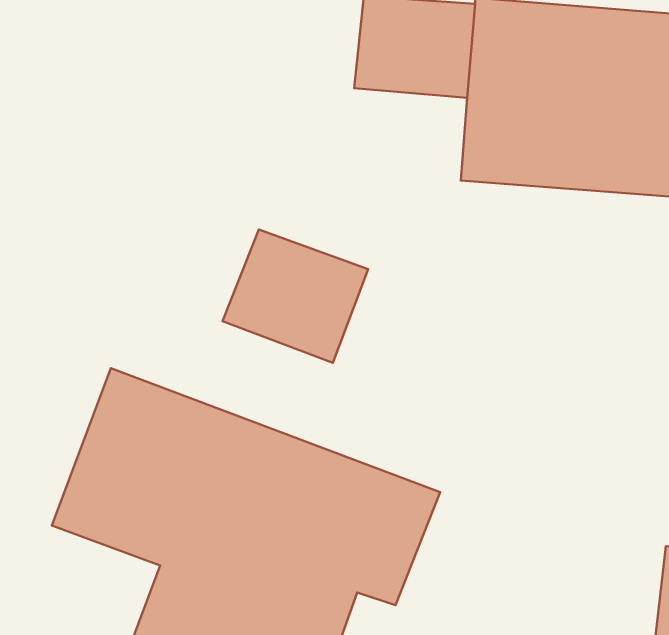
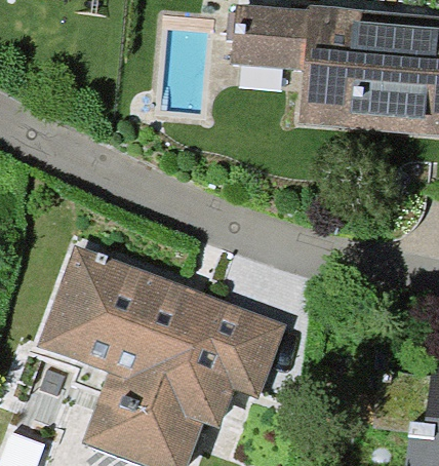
building: [223,230,368,363] -> none

